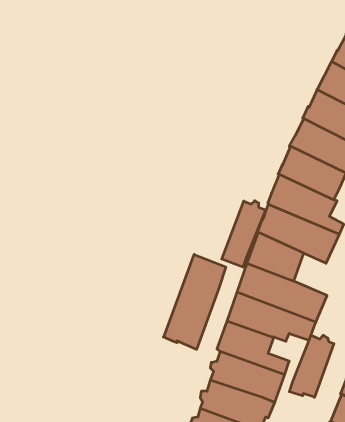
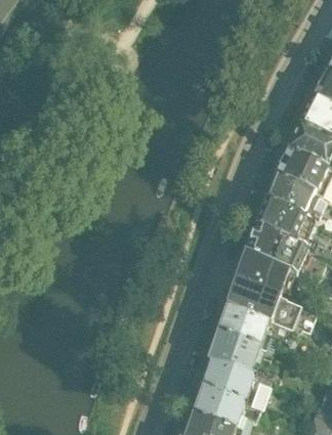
building: [222,201,265,267] -> none
building: [163,254,226,349] -> none
building: [289,335,334,397] -> none

